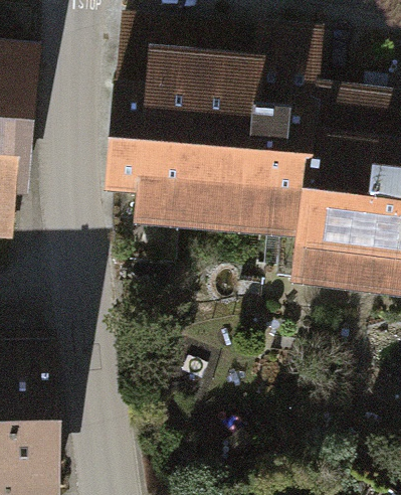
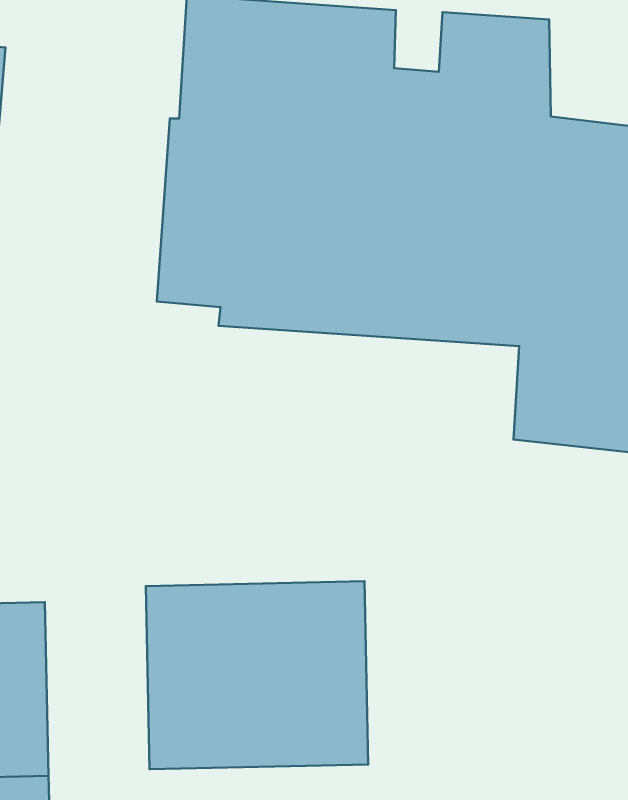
building: none -> [146,581,368,769]

